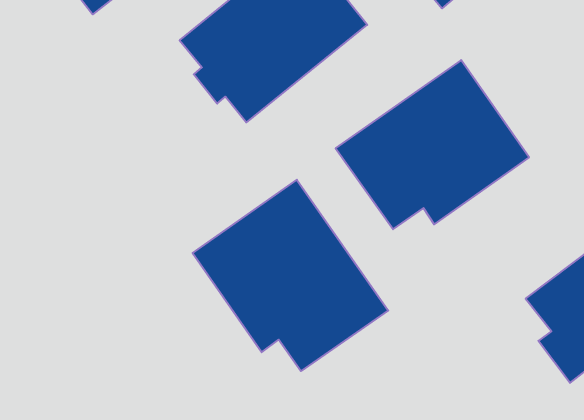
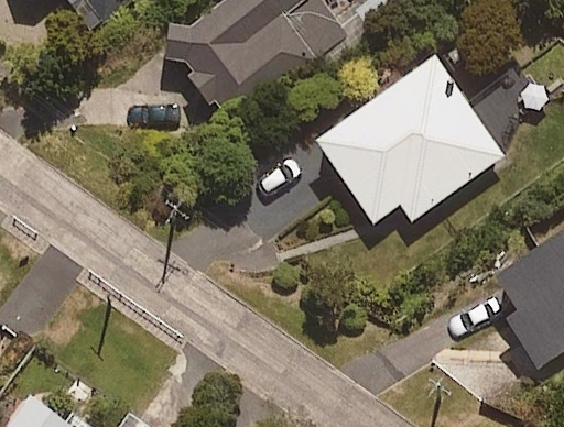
building: [193,180,388,371] -> none

